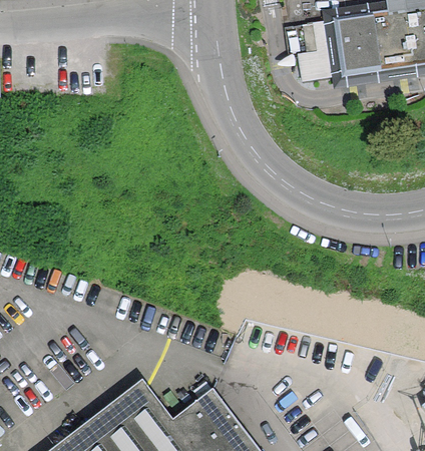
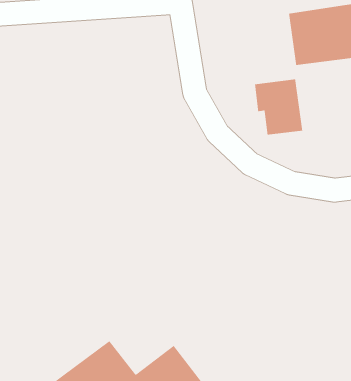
building: [290,20,344,83] -> [254,78,303,136]

